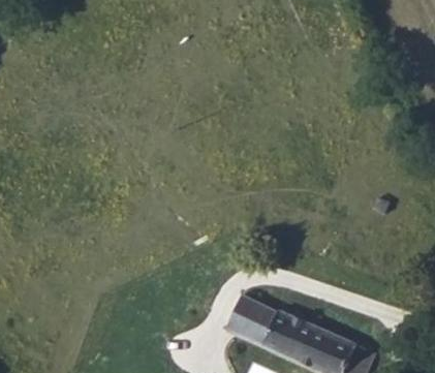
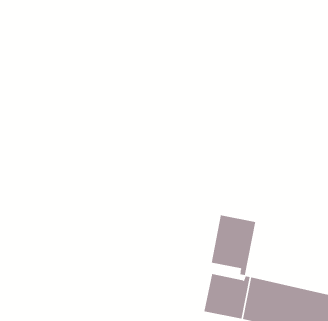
building: none -> [211,215,256,276]

